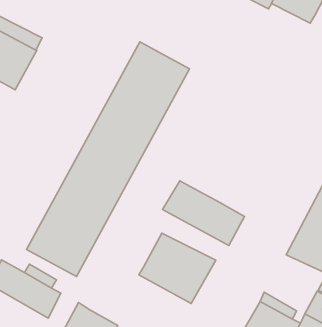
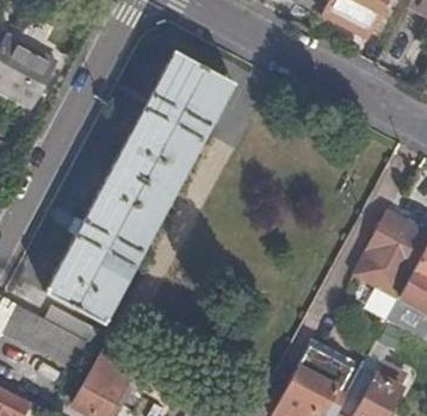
building: [162,181,245,246] -> none
building: [139,233,216,303] -> none

